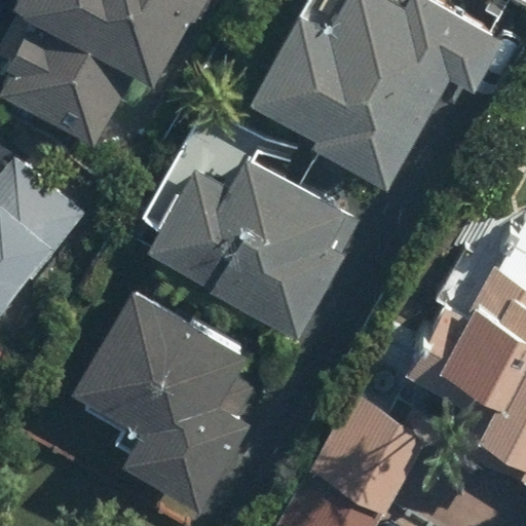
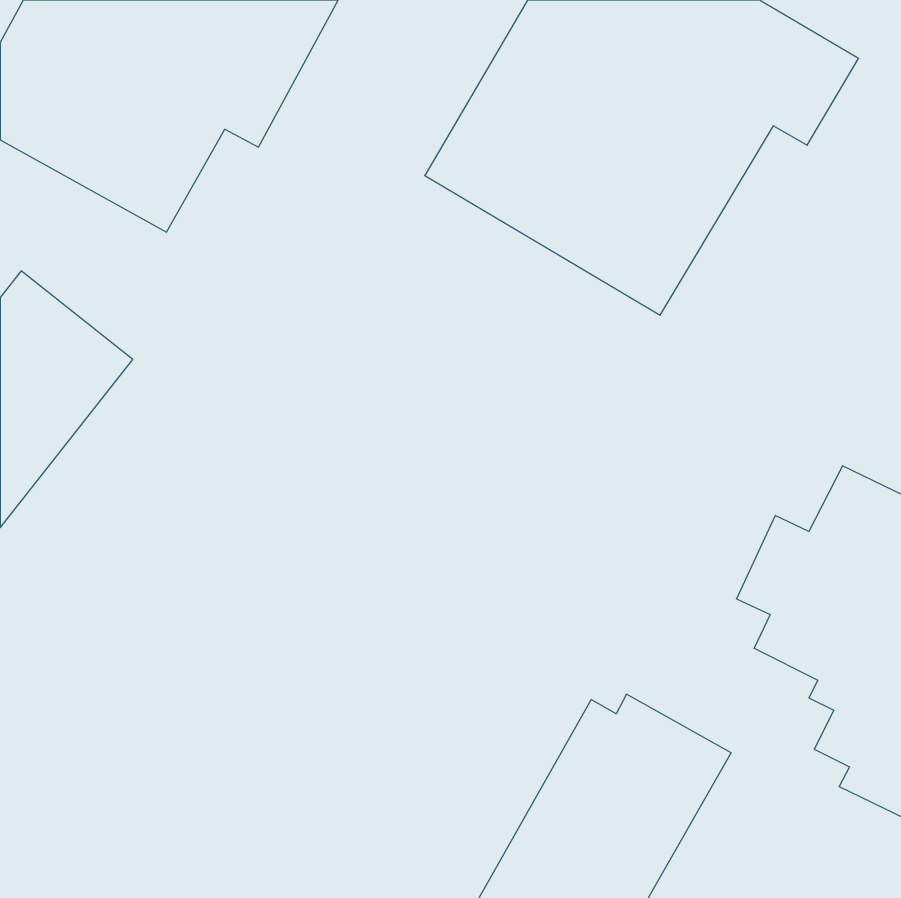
building: [148,155,350,339] -> none
building: [73,291,248,508] -> none

